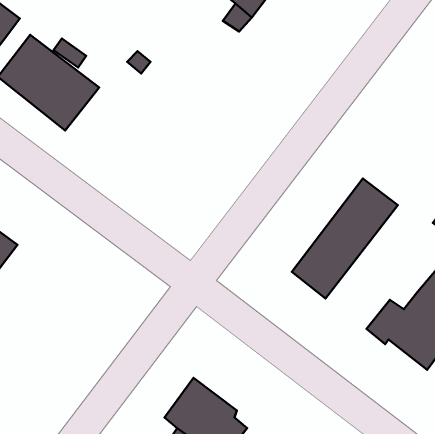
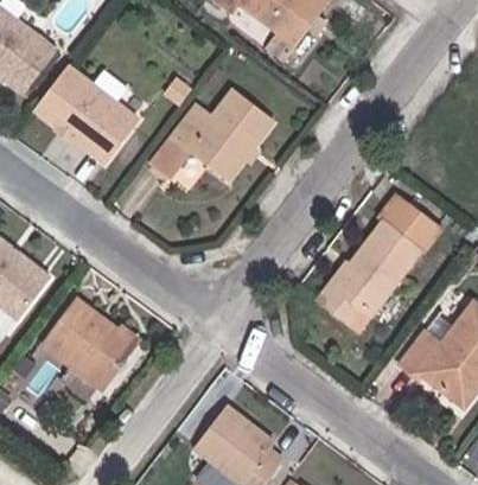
building: none -> [146,88,270,179]
building: none -> [44,302,136,388]

